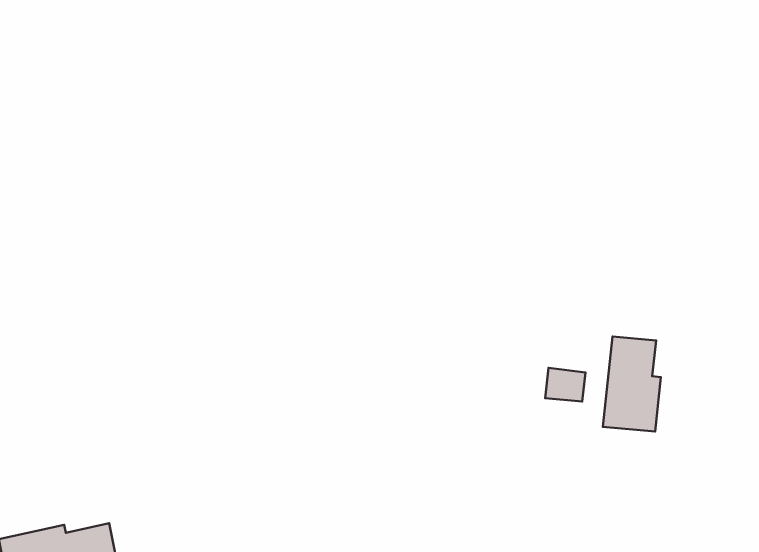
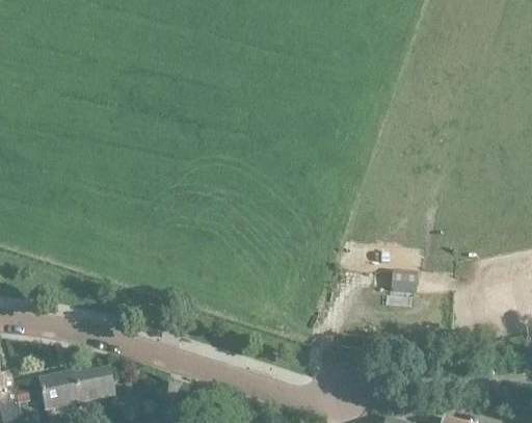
building: [603,336,661,432] -> none

